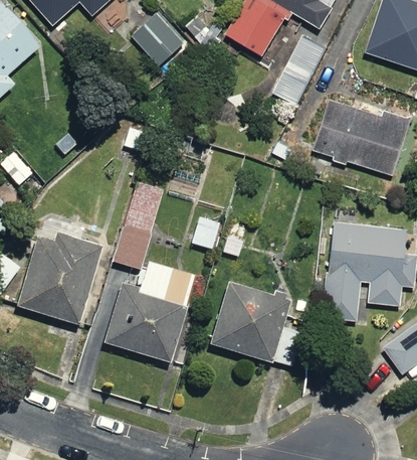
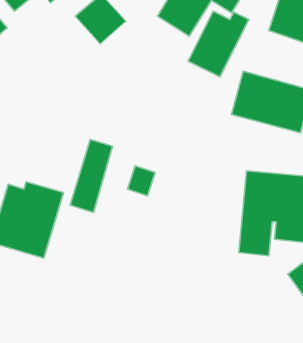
building: [107,263,198,363] -> none
building: [205,275,290,361] -> none

